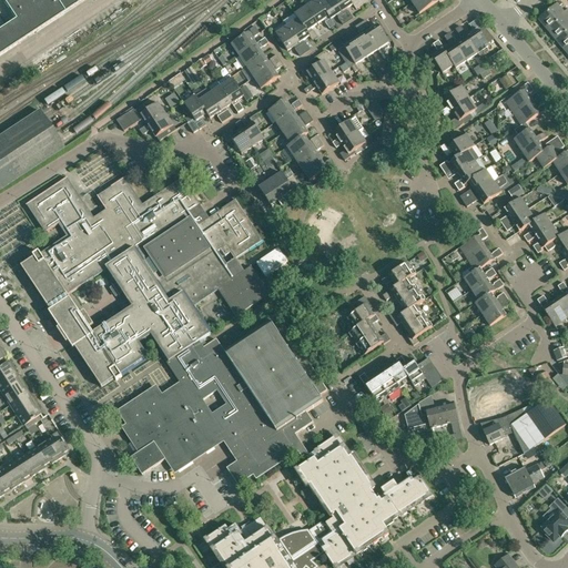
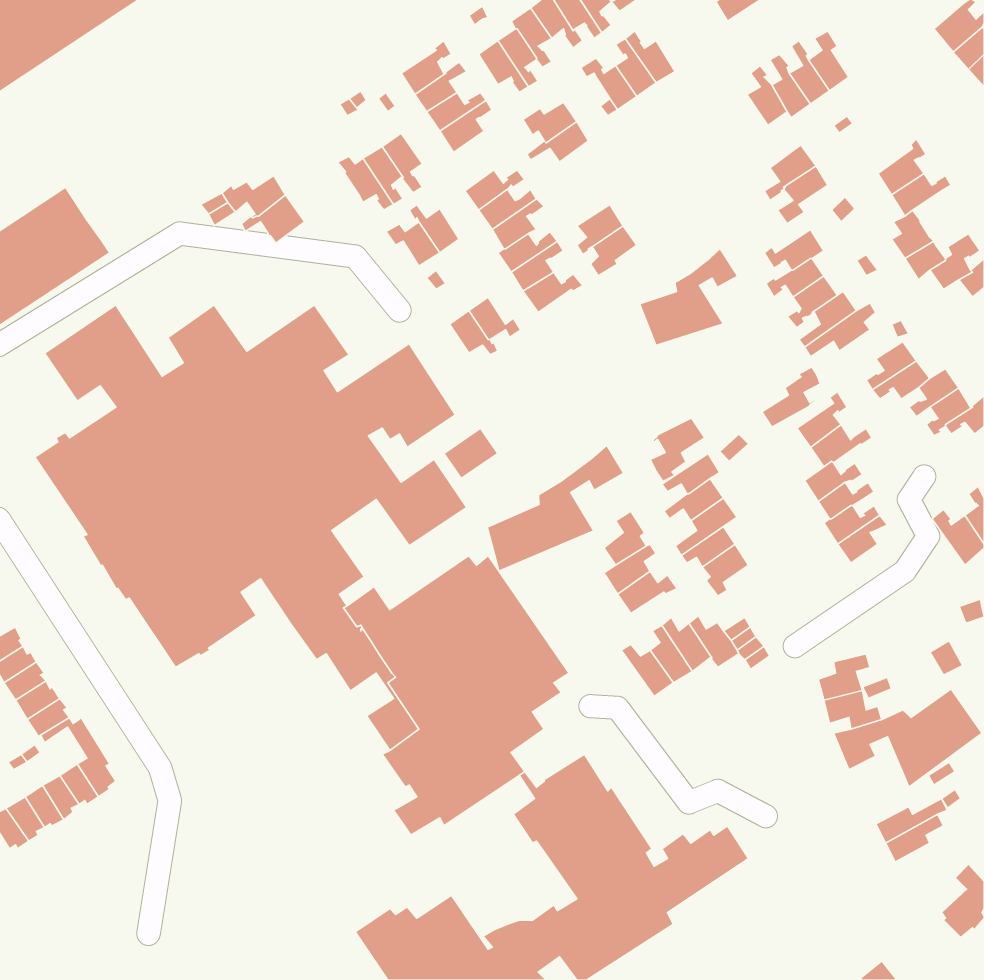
building: [183,93,206,131] -> none
building: none -> [640,248,738,345]
building: none -> [762,367,821,427]
building: none -> [650,418,705,481]
building: none -> [487,445,624,571]
building: [119,376,224,471] -> none
building: [406,399,457,426] -> none

